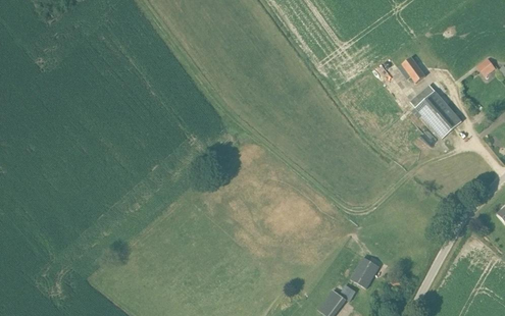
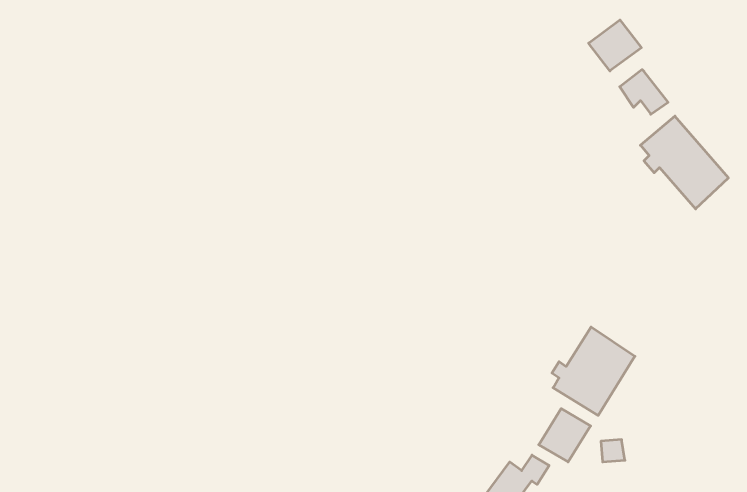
building: none -> [589,20,641,71]
building: none -> [552,327,635,415]

